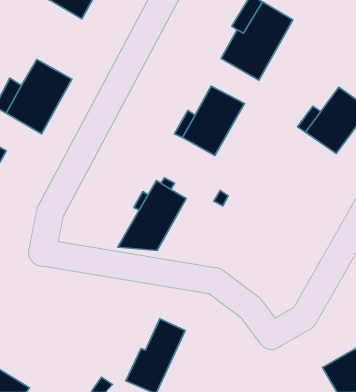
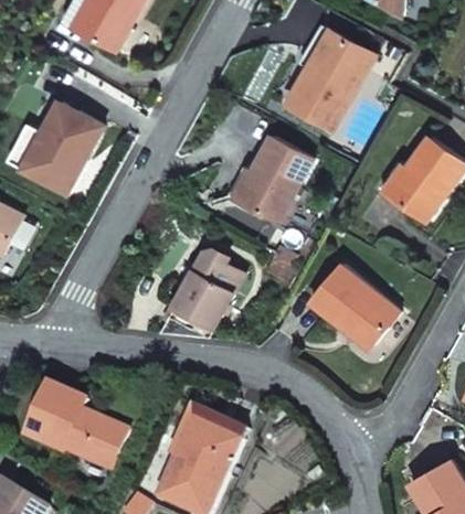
building: none -> [313,266,399,343]
building: none -> [28,383,128,469]
building: none -> [181,407,245,461]

